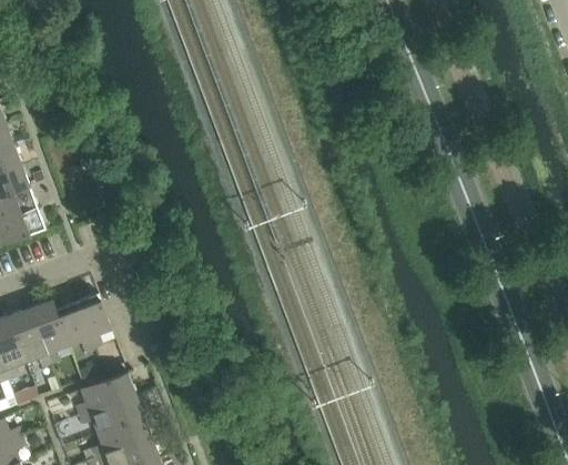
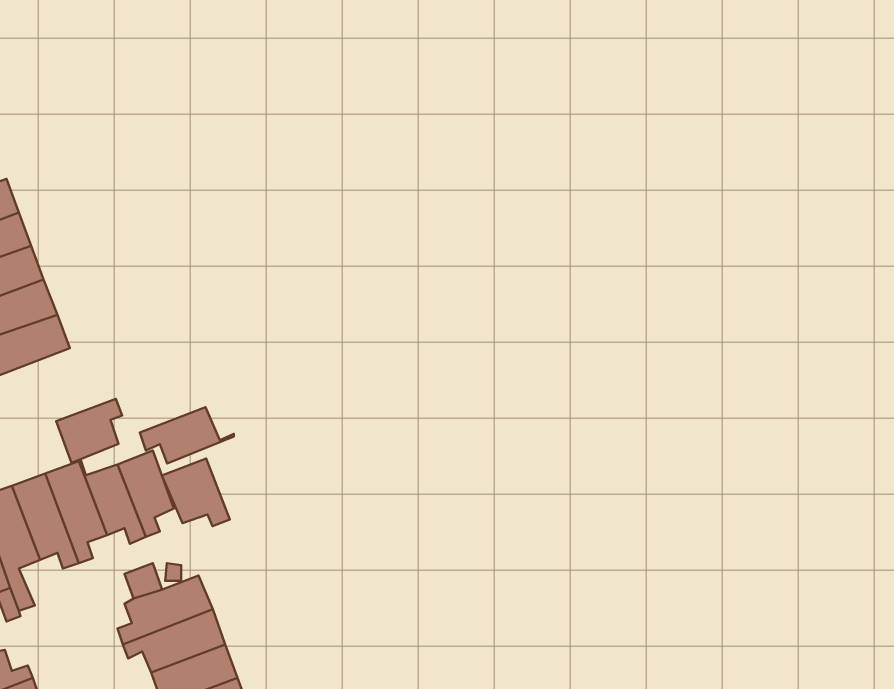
building: none -> [56,399,122,463]
building: none -> [140,407,234,463]
building: none -> [162,458,230,526]

